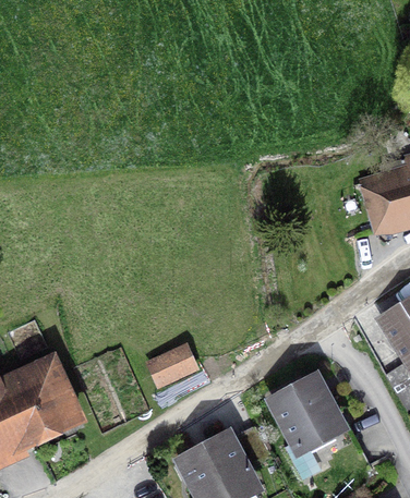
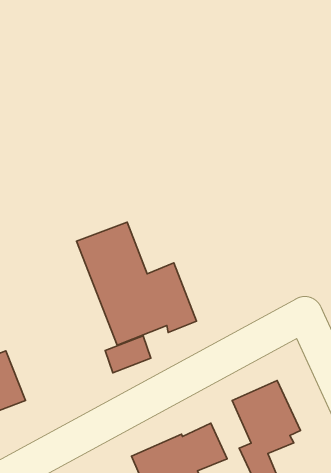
building: none -> [77,222,197,345]

